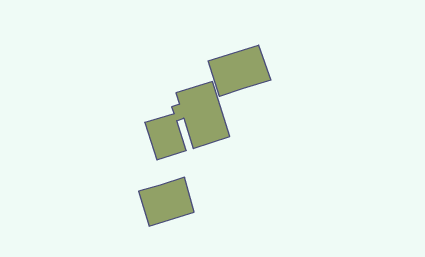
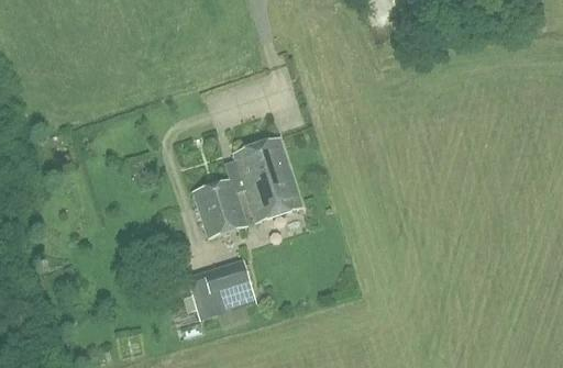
building: [208,45,271,96] -> none

